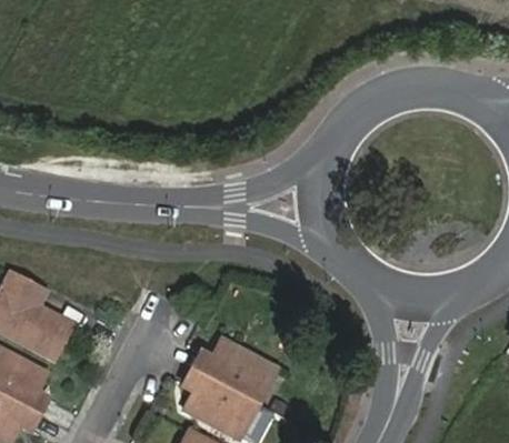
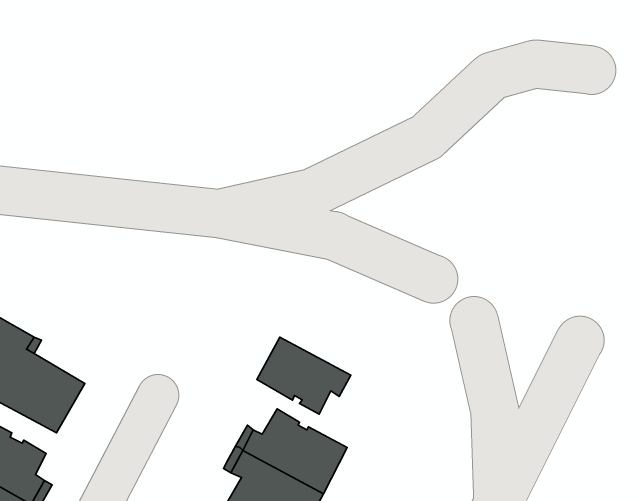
building: none -> [257,337,351,414]

